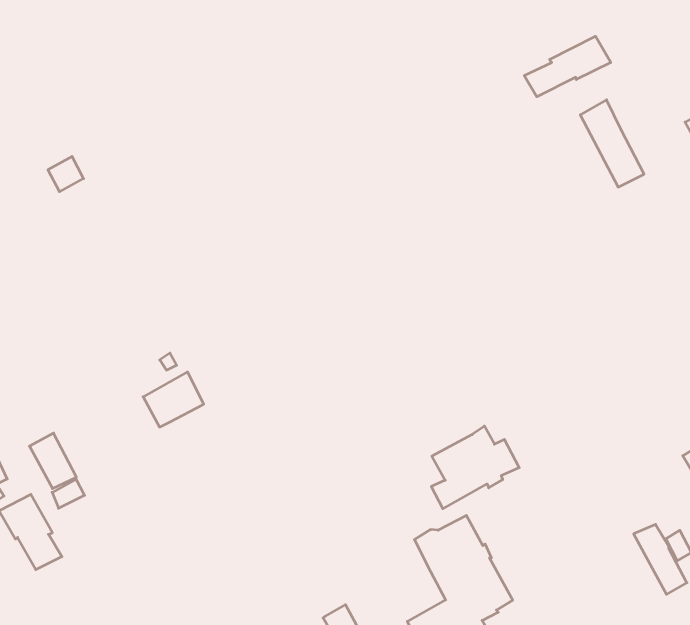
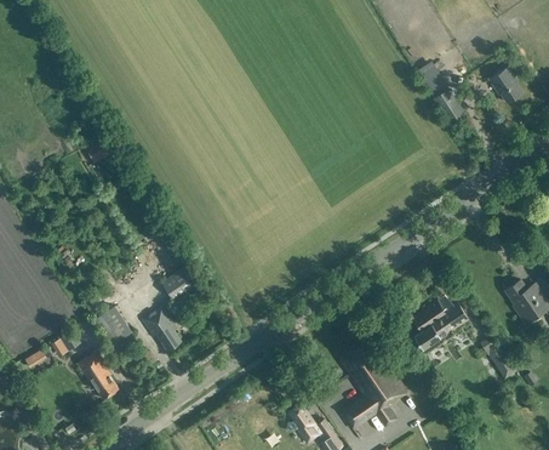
building: [524,36,611,97] -> none
building: [431,426,519,509] -> [413,296,469,351]
building: none -> [144,307,182,351]

